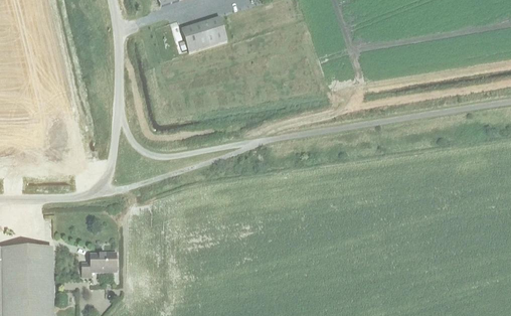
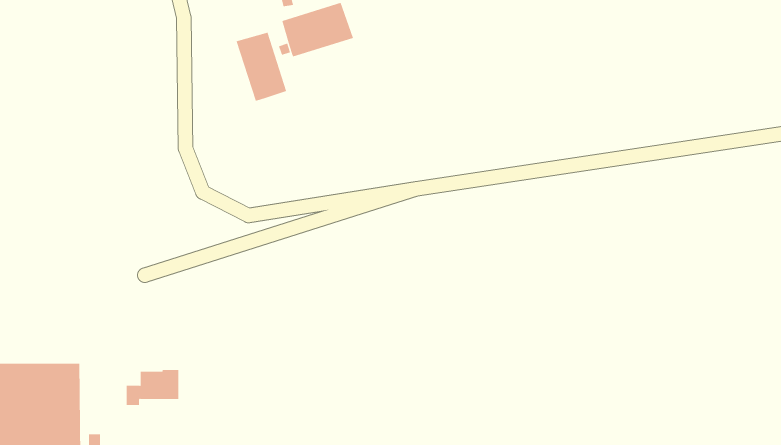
building: none -> [236,32,287,102]

